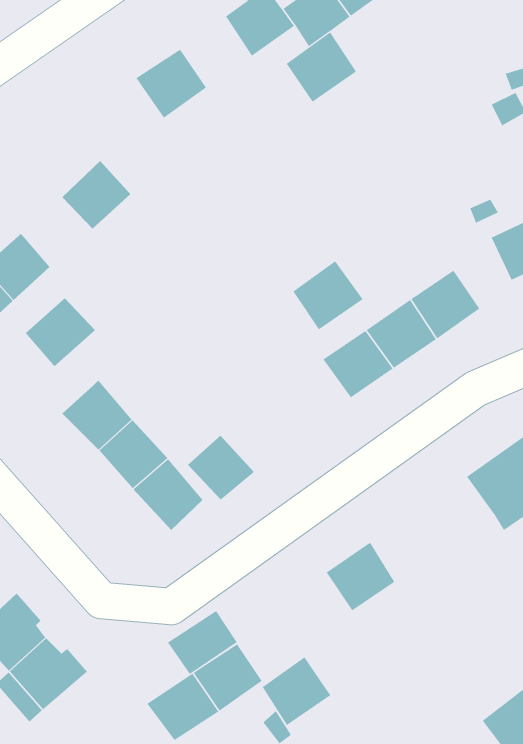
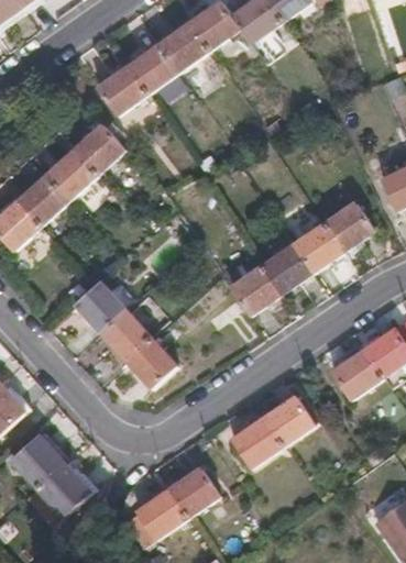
building: [286,31,357,103] -> [160,21,210,71]
building: none -> [97,65,147,114]
building: [292,261,363,330] -> [230,265,281,314]
building: [25,298,96,367] -> [46,150,97,199]
building: [187,435,255,500] -> none
building: none -> [330,349,383,399]
building: [167,610,237,675] -> none
building: [262,656,331,726] -> [232,417,282,466]

